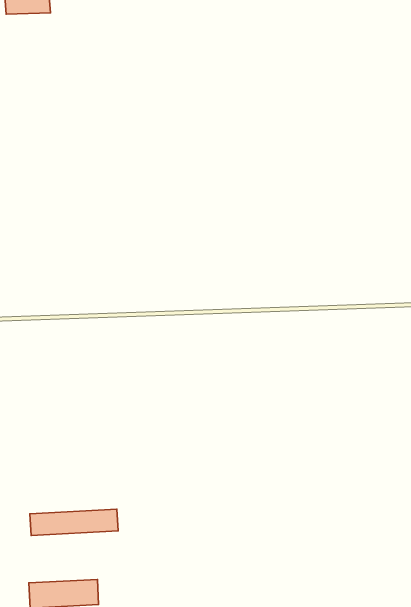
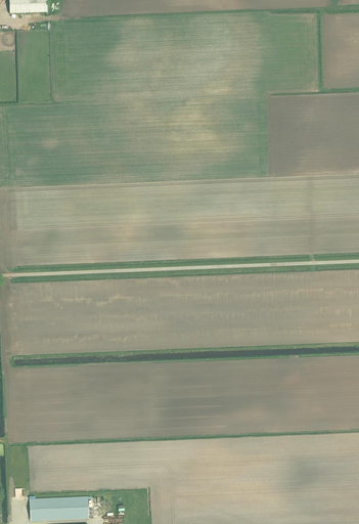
building: [30,509,118,535] -> none

